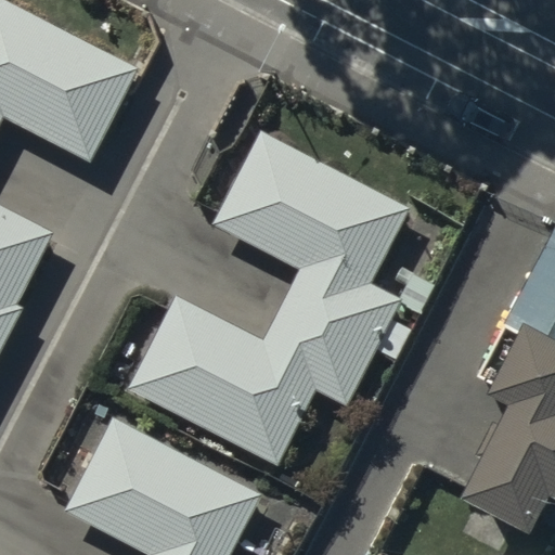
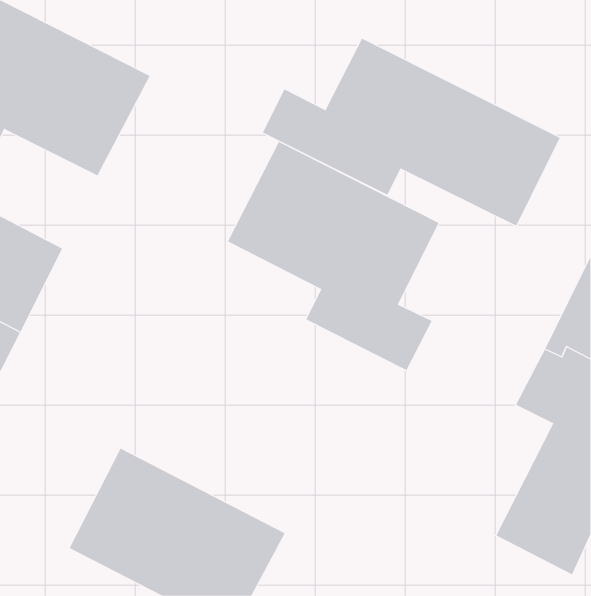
building: none -> [262,38,560,226]
building: [127,295,378,464] -> none

